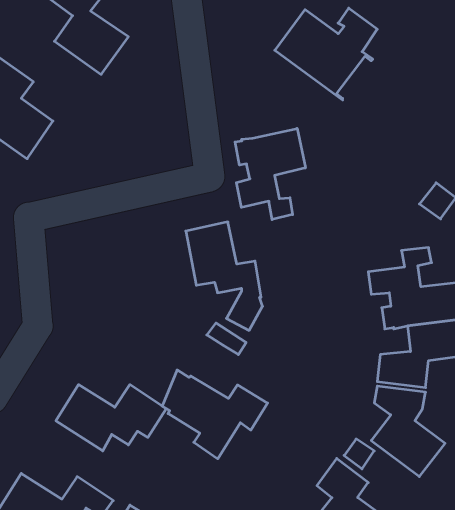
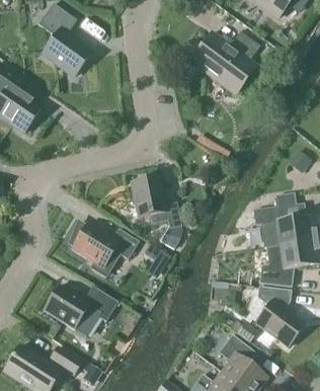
building: [235,128,305,220] -> none
building: [162,370,268,459] -> [68,219,139,279]

